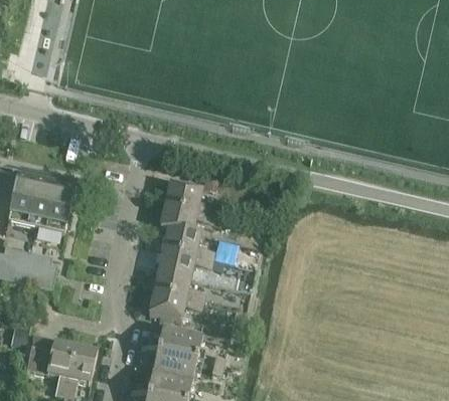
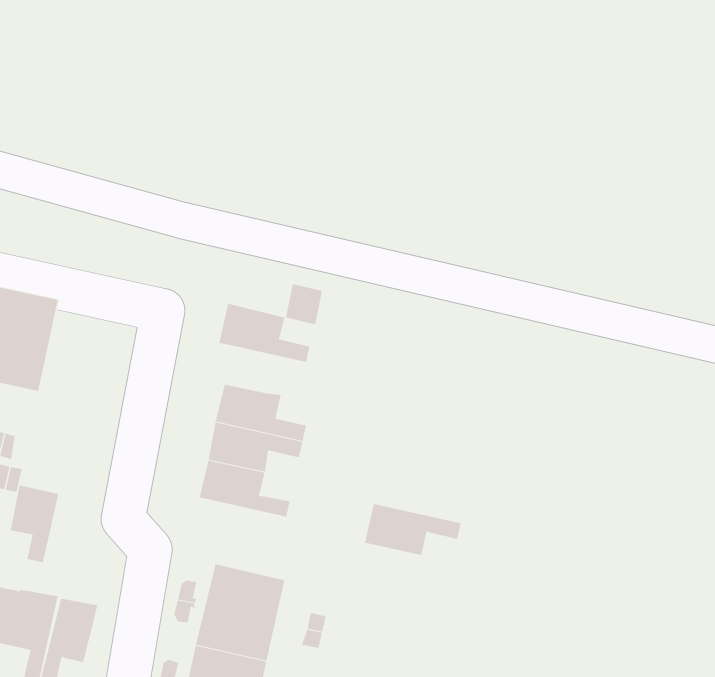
building: [159,204,213,232] -> none
building: none -> [10,484,59,563]
building: [148,290,202,320] -> [364,503,461,556]

